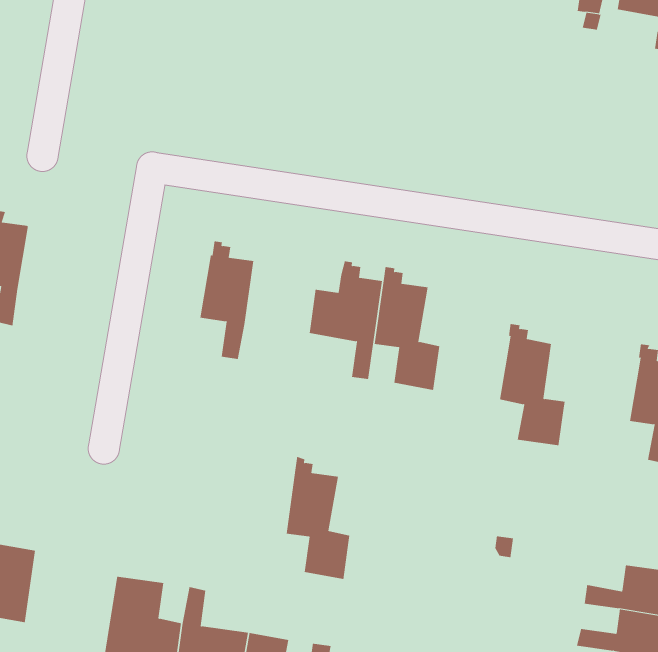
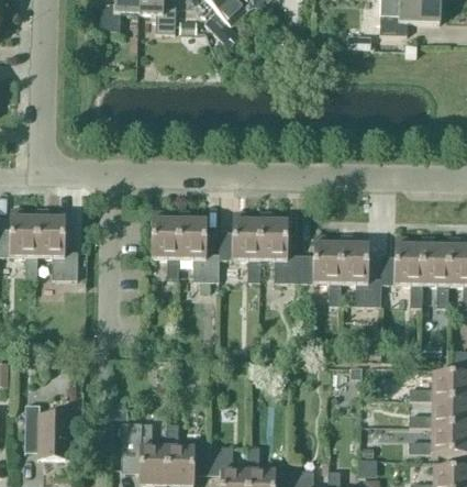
building: none -> [37,208,78,278]
building: none -> [300,233,342,305]
building: none -> [381,235,423,306]
building: [286,456,350,580] -> [179,209,219,280]

